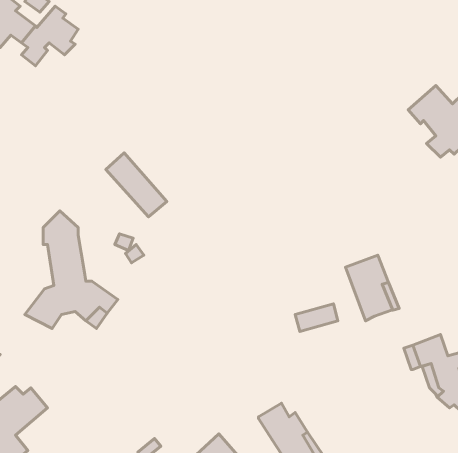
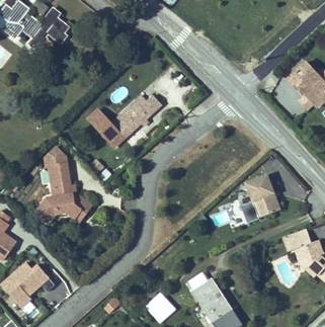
building: none -> [115,94,163,140]

